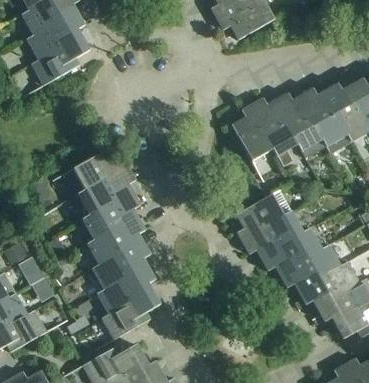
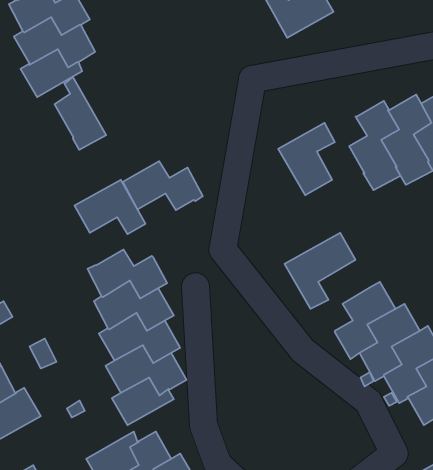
building: none -> [55,77,106,150]
building: [260,92,299,155] -> none
building: [77,177,139,215] -> [123,161,203,210]
building: [255,210,302,270] -> none

